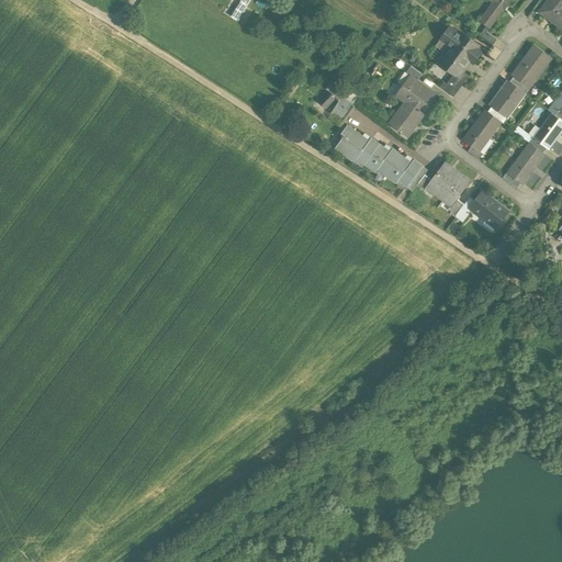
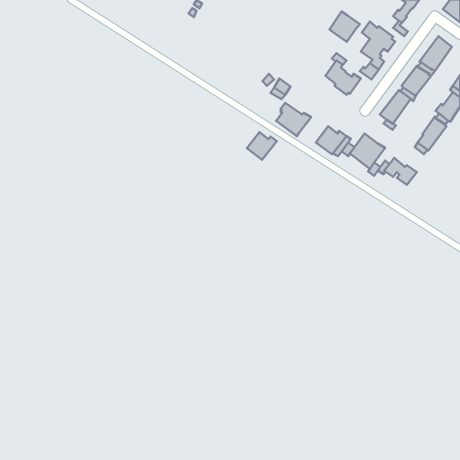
building: none -> [329,11,360,42]
building: [387,104,422,136] -> none
building: [363,143,400,177] -> [247,132,277,160]

